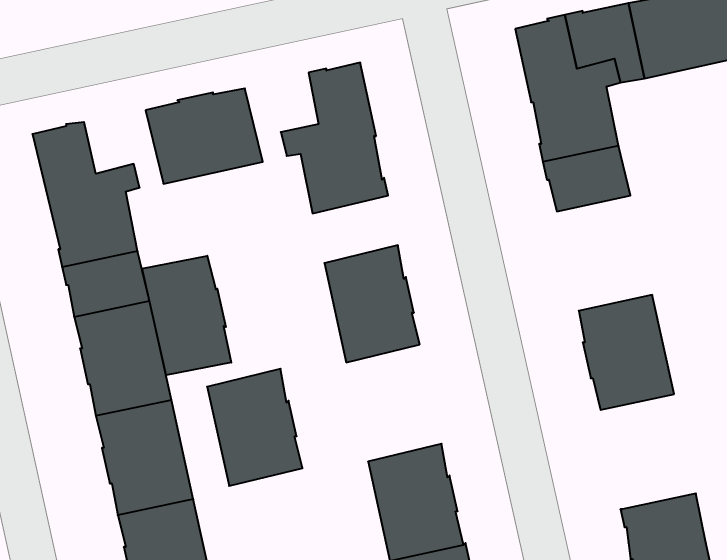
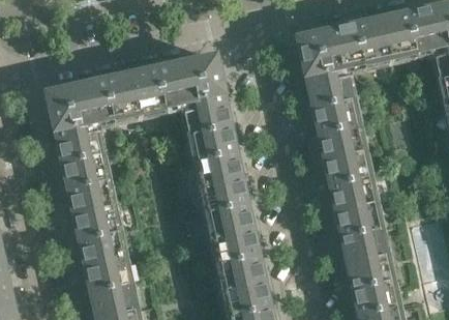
building: none -> [156,58,194,105]
building: none -> [72,78,114,118]
building: none -> [191,122,236,157]
building: none -> [319,122,368,182]
building: [142,256,231,375] -> none
building: [207,369,303,486] -> [209,200,259,261]
building: none -> [341,226,391,286]

